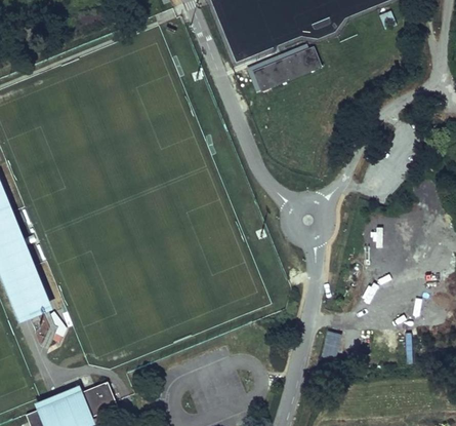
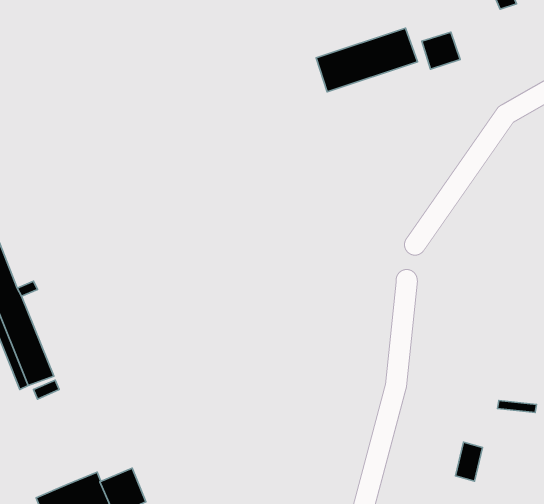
building: none -> [422,32,460,69]
building: [322,333,342,362] -> [456,442,483,481]

